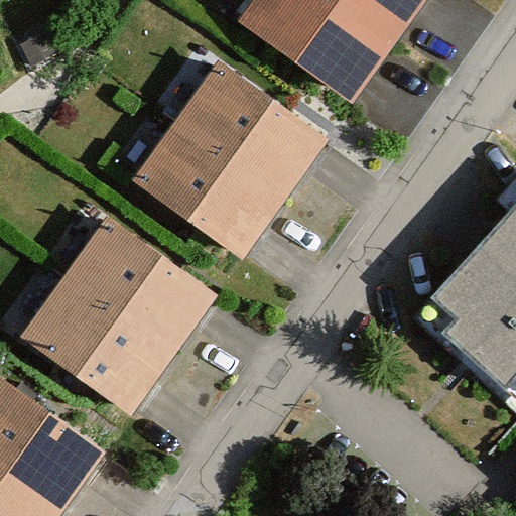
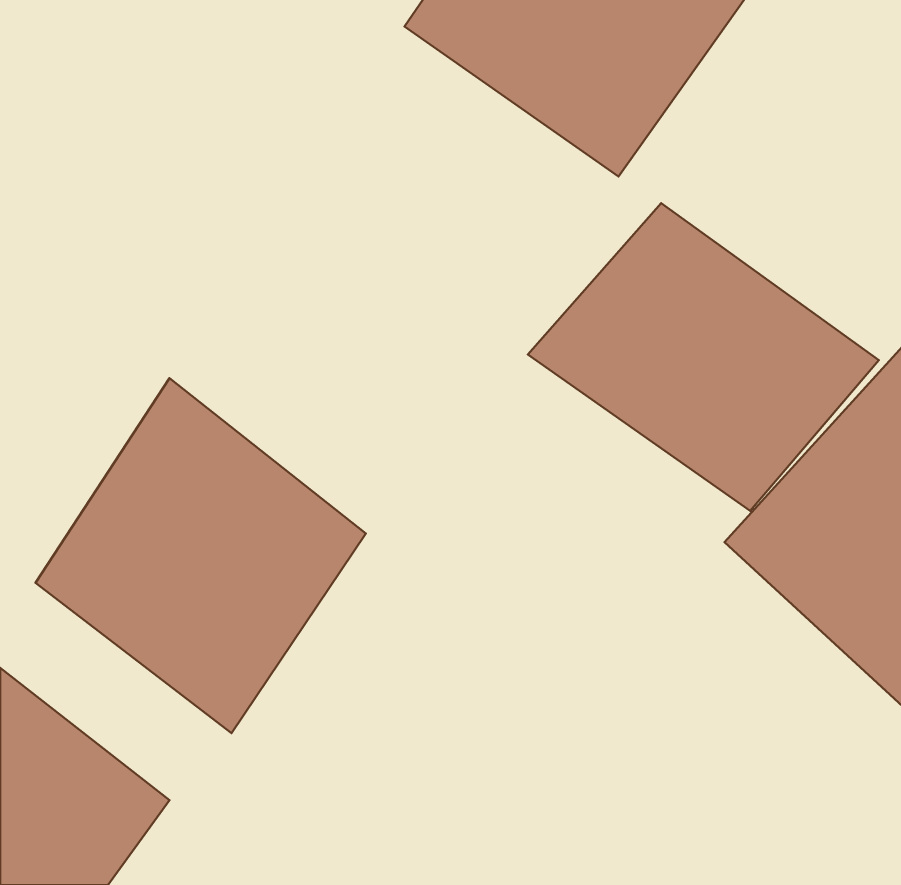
building: [136,64,327,252] -> none
building: none -> [528,203,879,511]

